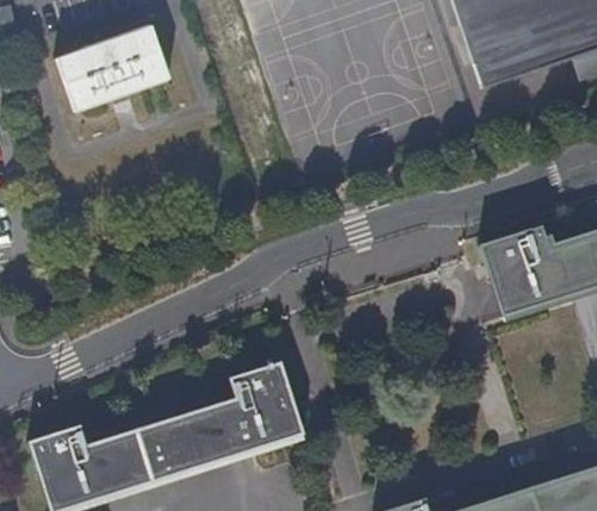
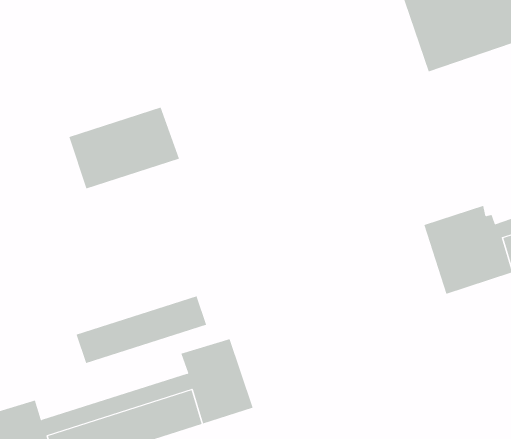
building: [55,26,169,111] -> [69,107,180,189]
building: none -> [76,296,207,364]

